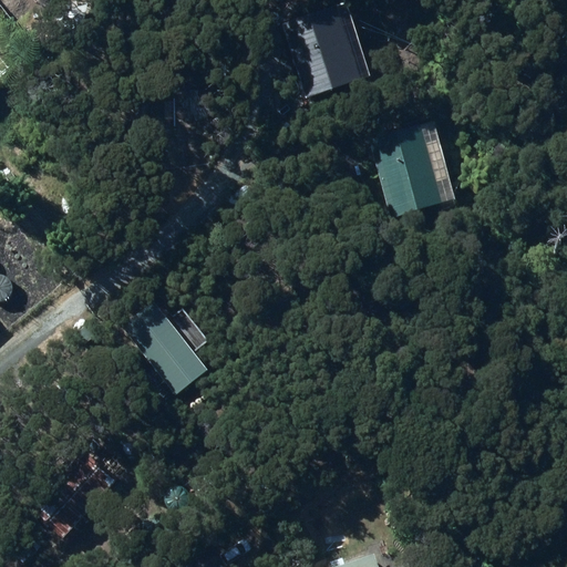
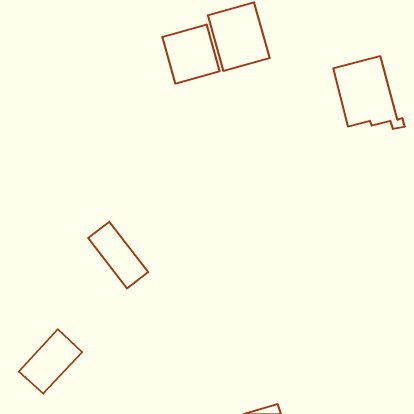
building: none -> [162,24,220,84]
building: [370,118,467,217] -> [333,56,405,129]

